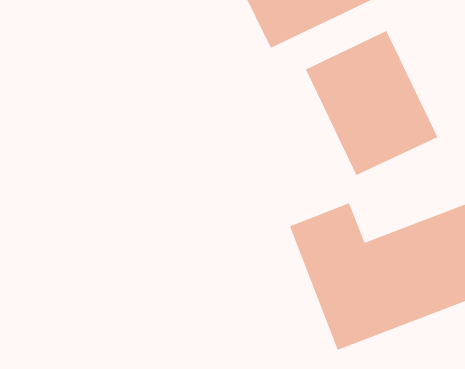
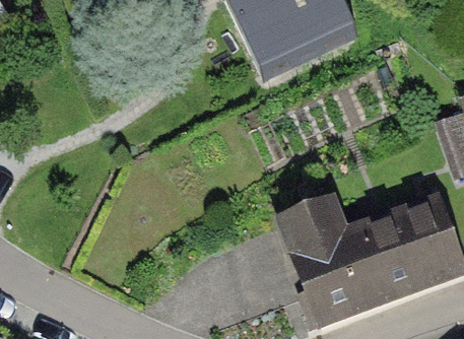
building: [305,30,438,176] -> none

